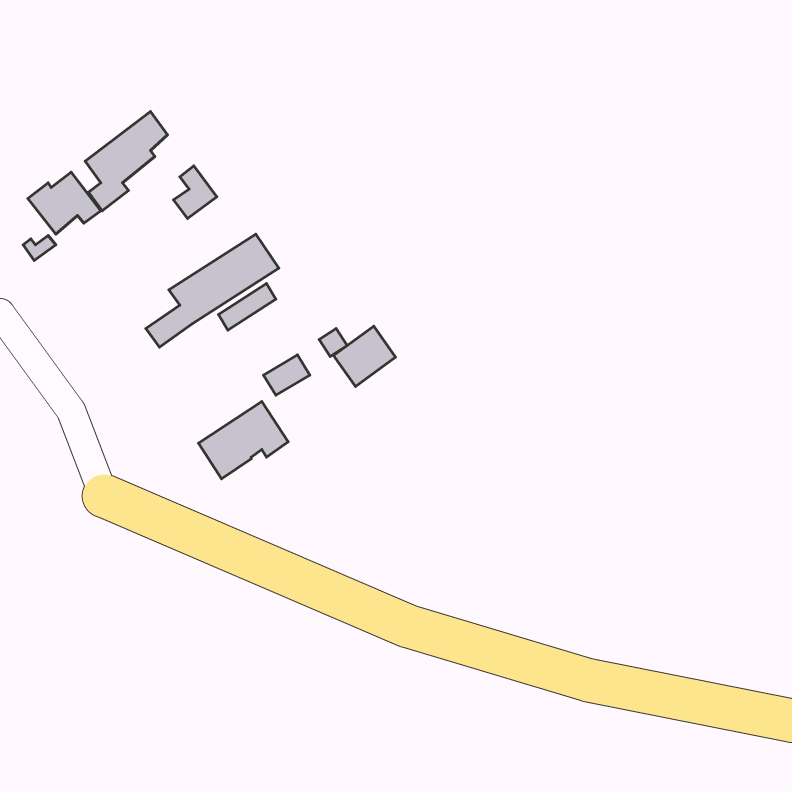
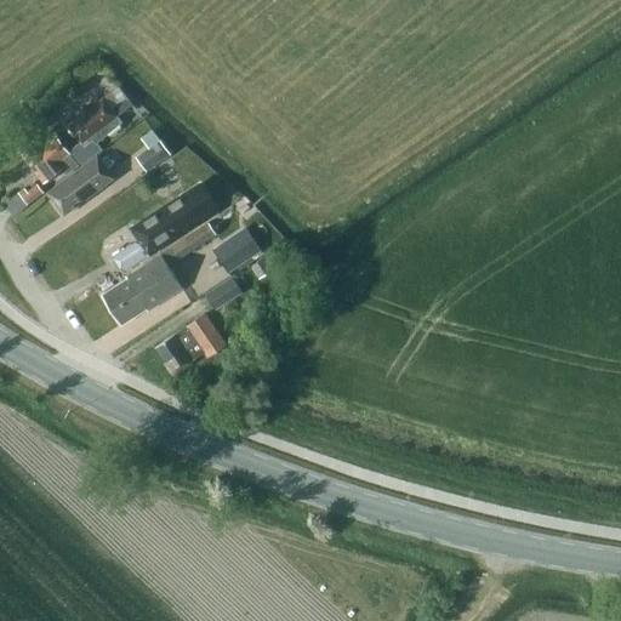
building: none -> [47,155,114,215]
building: none -> [103,255,182,324]
building: [334,326,396,387] -> [213,227,262,274]

